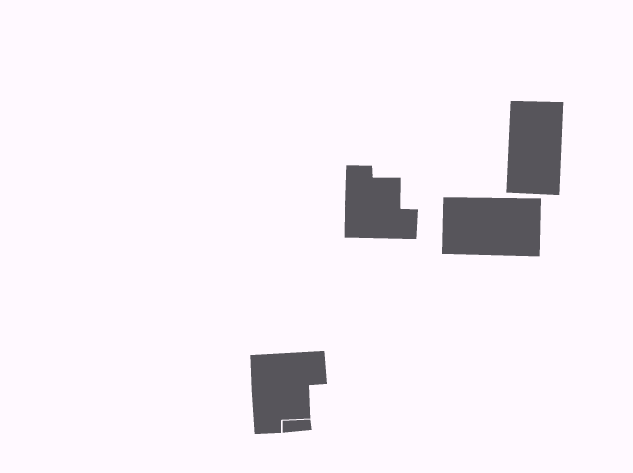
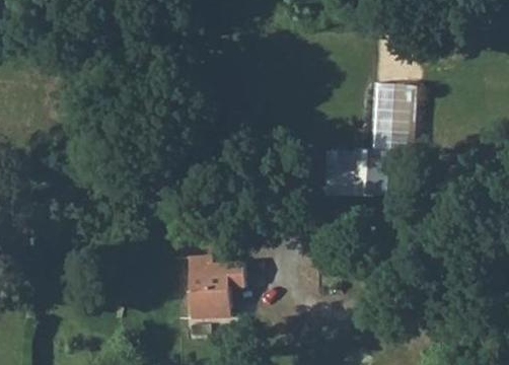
building: [344,165,418,240] -> none

